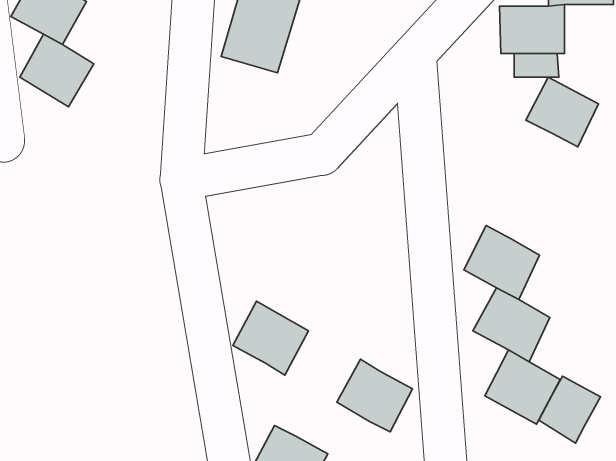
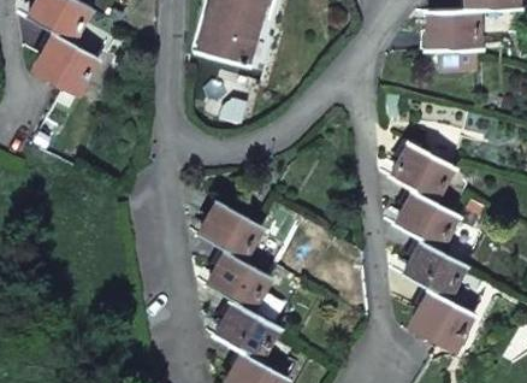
building: [526,77,598,147] -> [393,143,452,200]
building: none -> [200,200,261,259]
building: [337,359,412,432] -> [217,301,278,360]
building: [539,376,601,443] -> none

